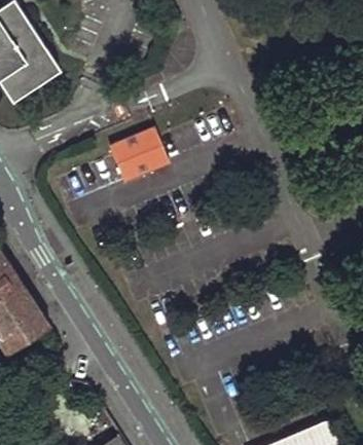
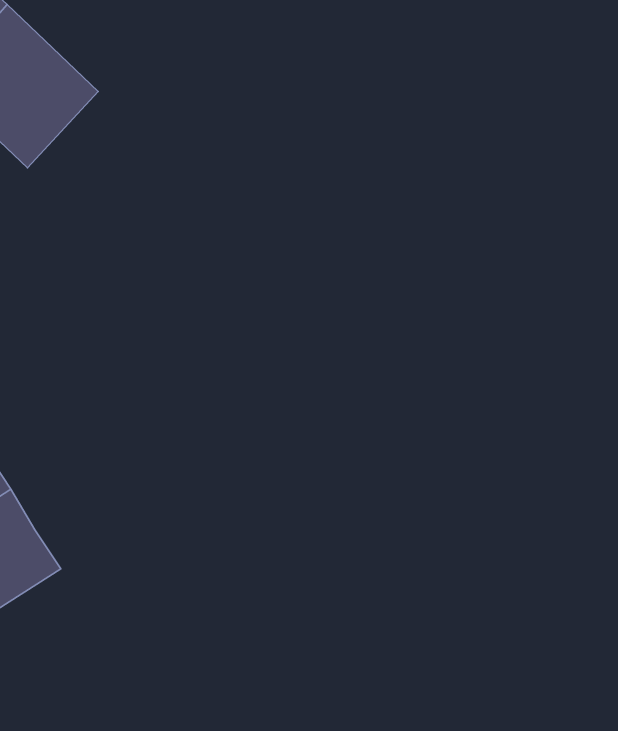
building: [117,124,177,179] -> none

